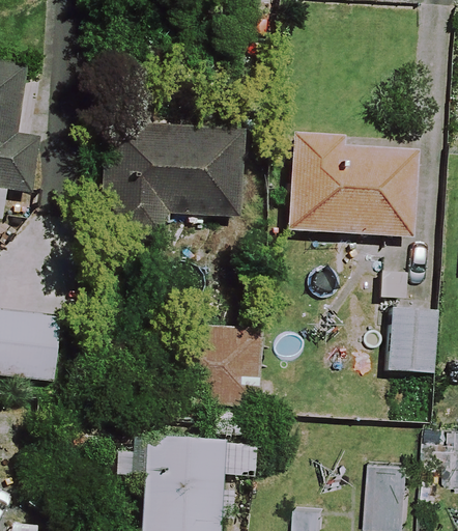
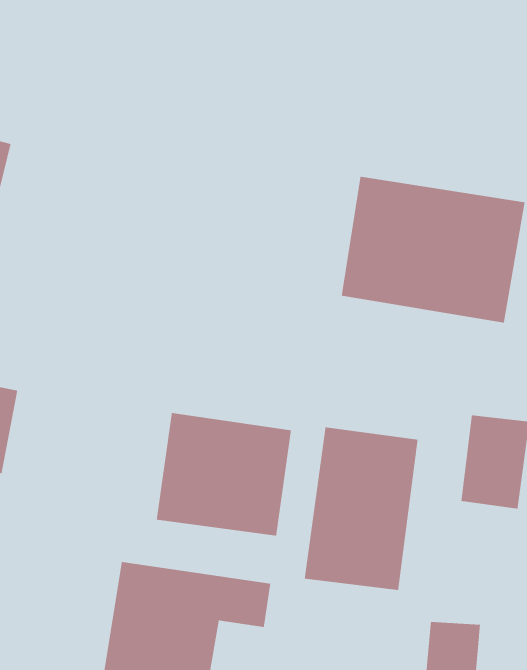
building: [98,122,241,252] -> none
building: none -> [304,426,419,591]

